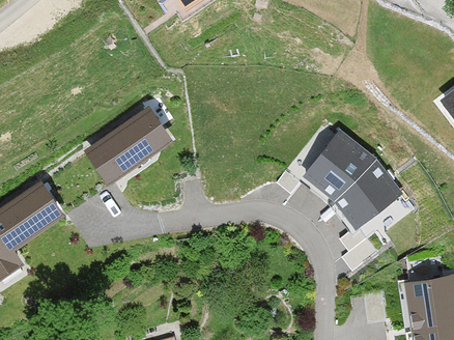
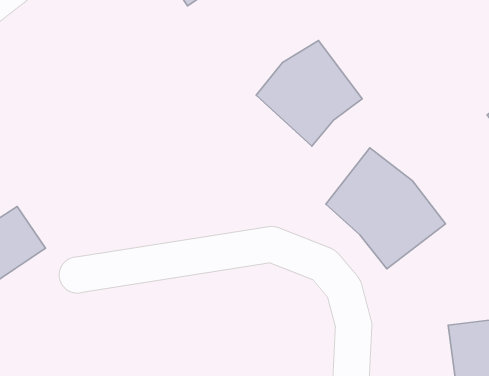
building: none -> [256,41,362,146]
building: [85,106,172,183] -> none

